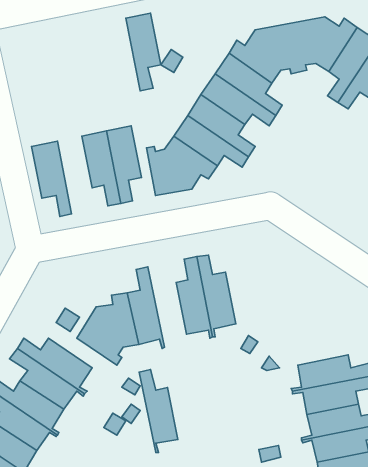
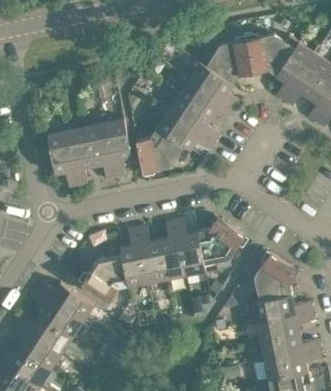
building: [126,13,161,91] -> [67,127,94,187]
building: none -> [197,216,245,272]
building: none -> [250,254,301,304]
building: [139,370,178,452] -> [137,226,167,290]

